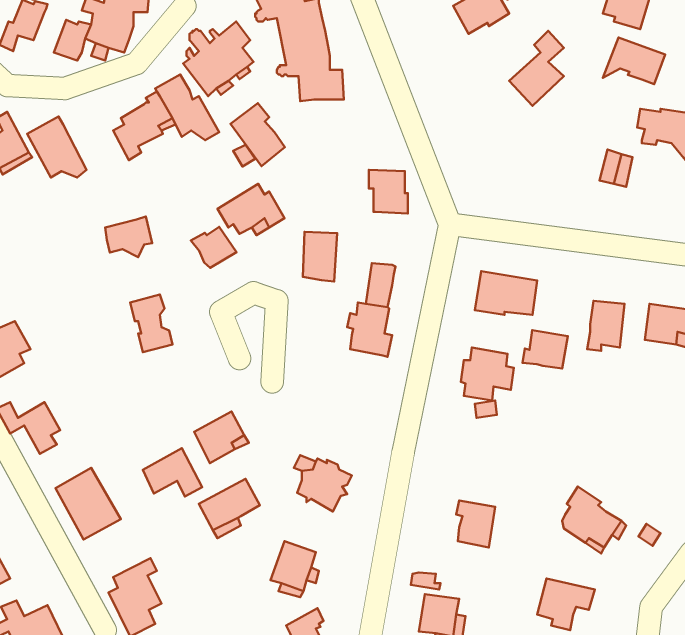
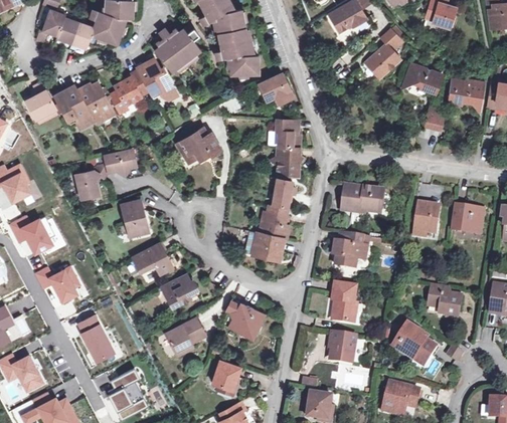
building: none -> [57,15,79,43]
building: [603,37,665,84] -> [401,62,442,92]
building: none -> [259,73,293,102]
building: [230,103,285,166] -> none
building: none -> [77,82,114,123]
building: [191,227,236,268] -> none
building: [303,232,337,282] -> [278,146,300,178]
building: none -> [75,164,108,196]
building: [522,330,568,369] -> none
building: none -> [252,232,284,259]
building: none -> [333,282,358,322]
building: none -> [429,285,462,319]
building: [143,448,202,496] -> [134,242,172,273]

